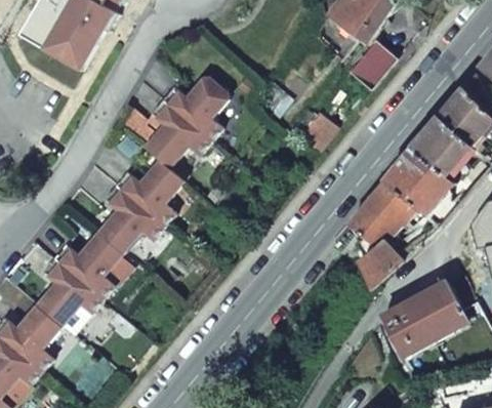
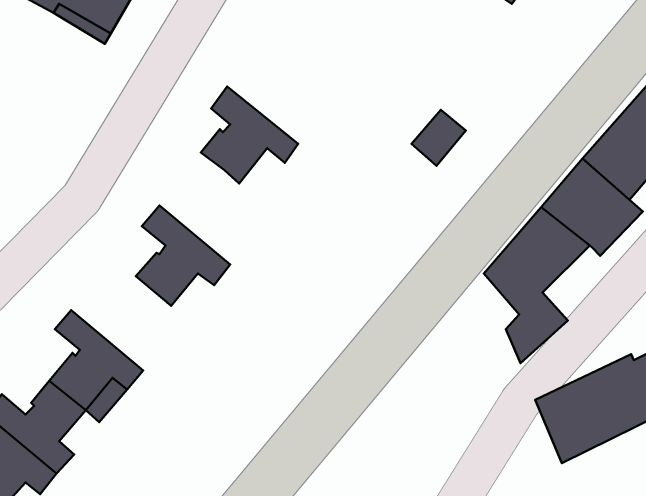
building: [346,44,390,87] -> none
building: [165,75,230,137] -> none
building: [118,156,187,221] -> none
building: [56,230,126,295] -> none

